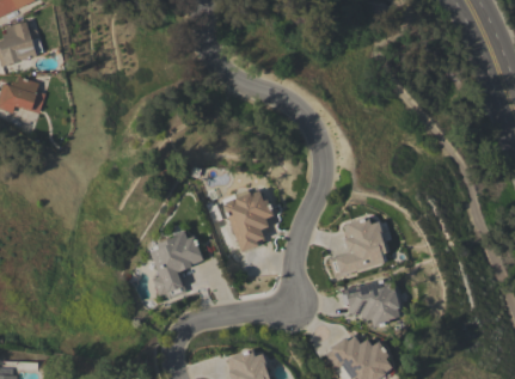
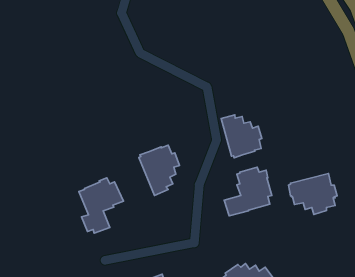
building: none -> [221,115,262,158]
building: [342,277,401,328] -> [289,174,337,214]

